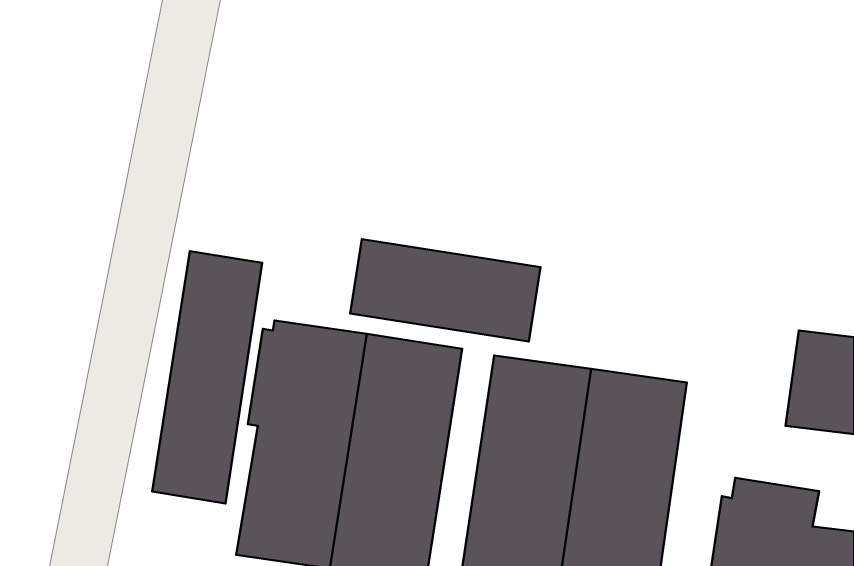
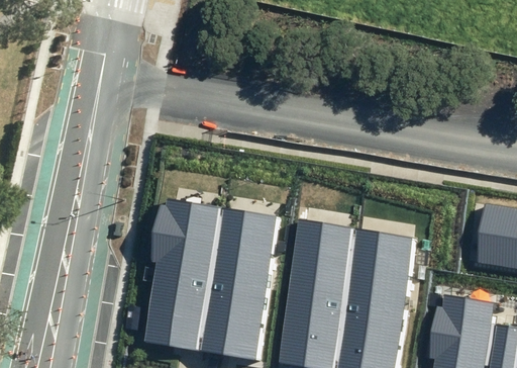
building: [350,239,540,342] -> none
building: [152,251,262,504] -> none

